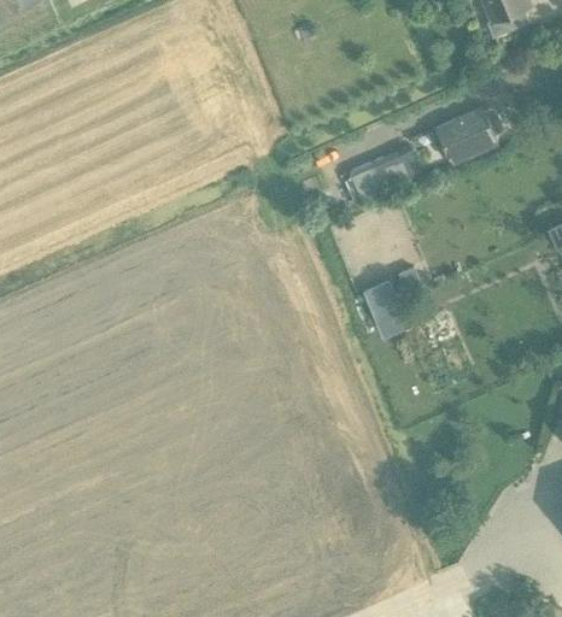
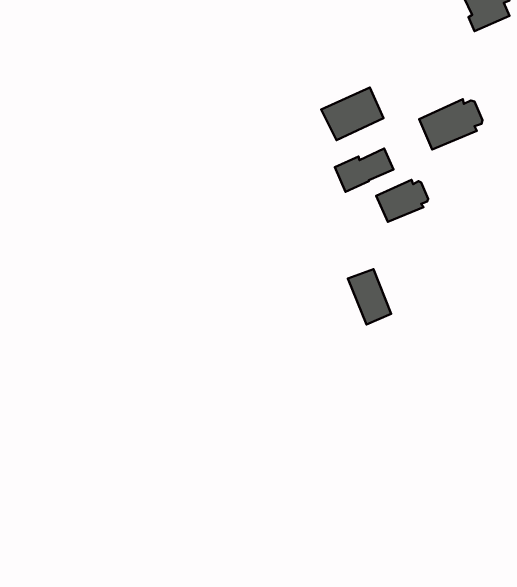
building: none -> [321,87,383,140]
building: none -> [376,180,428,222]

